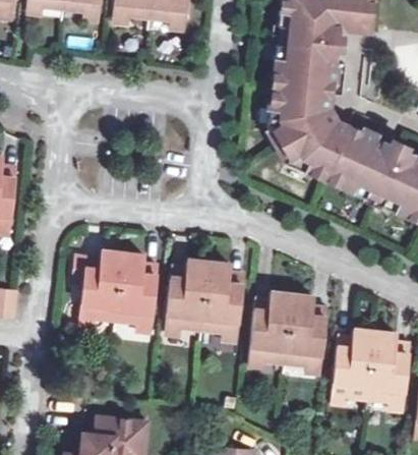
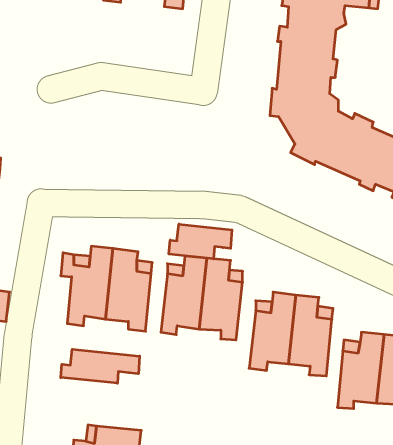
building: none -> [169,224,232,259]
building: none -> [61,349,140,383]

